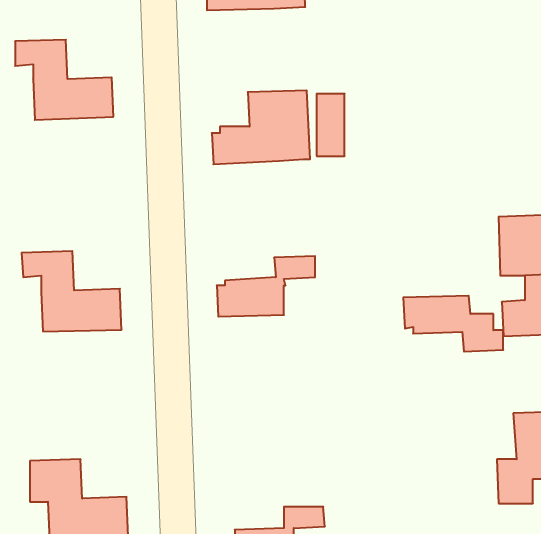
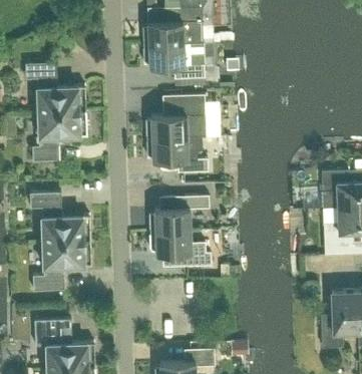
building: none -> [142,43,204,79]
building: none -> [31,110,86,161]
building: none -> [146,136,208,172]
building: [403,296,503,352] -> [149,232,211,266]
building: none -> [32,241,91,291]

